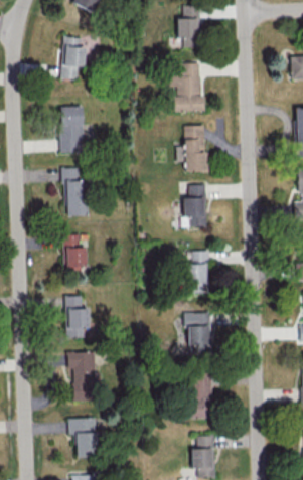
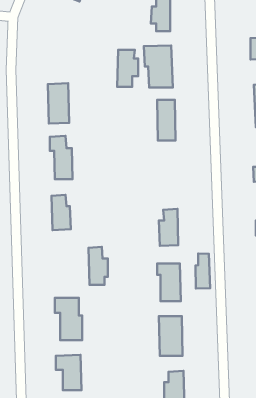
building: [61,37,86,79] -> [117,50,138,87]
building: [182,185,206,227] -> none
building: [66,296,89,339] -> [89,247,108,285]
building: none -> [195,254,210,288]

